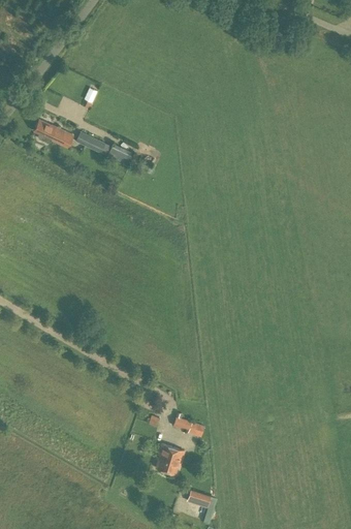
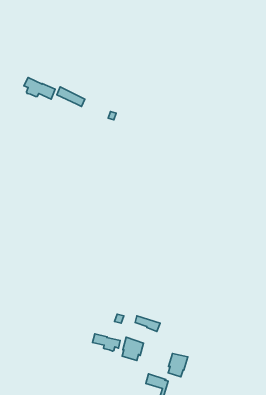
building: none -> [92,334,120,351]
building: none -> [168,353,188,377]

